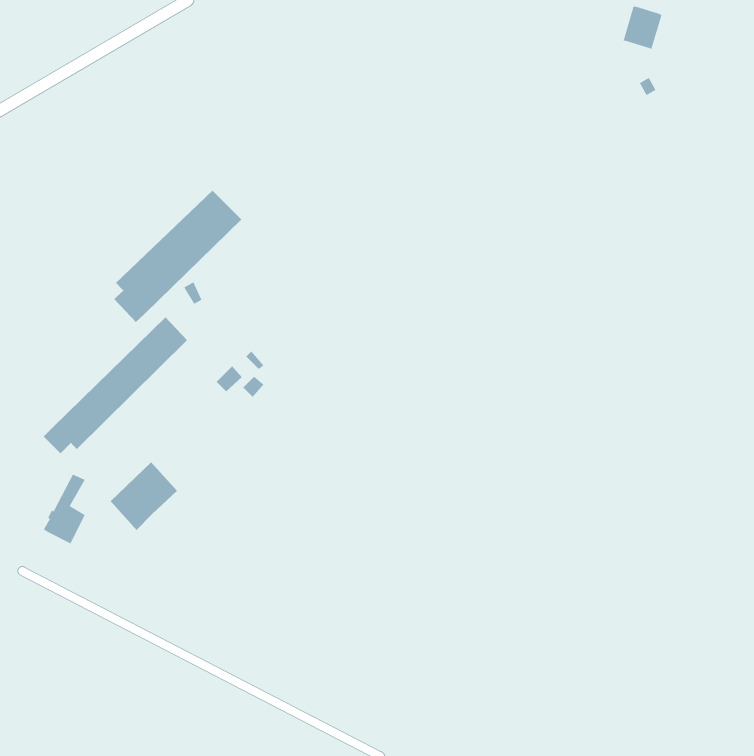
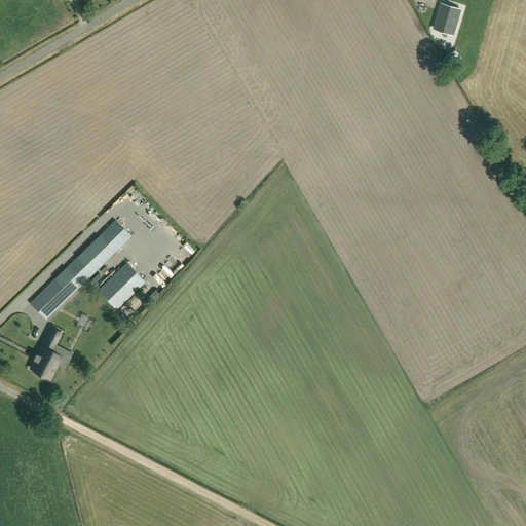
building: [113,190,242,323] -> none
building: [110,461,178,531] -> [98,262,145,310]

